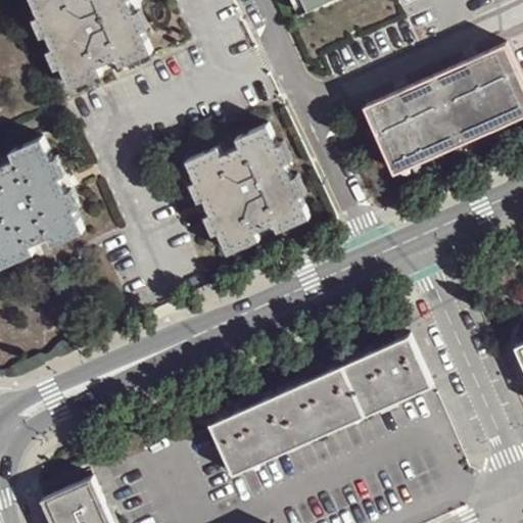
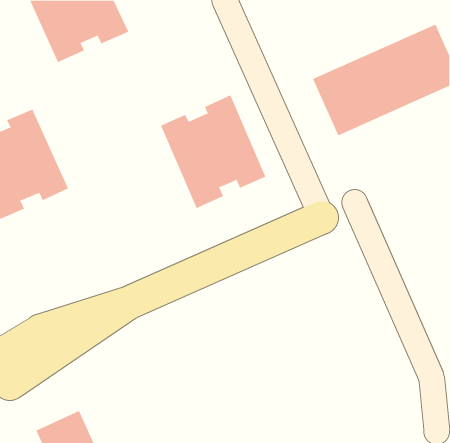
building: [210,343,432,484] -> none

